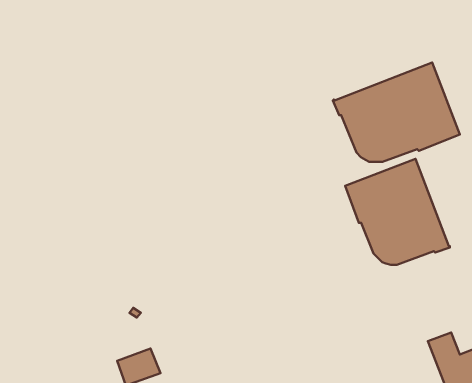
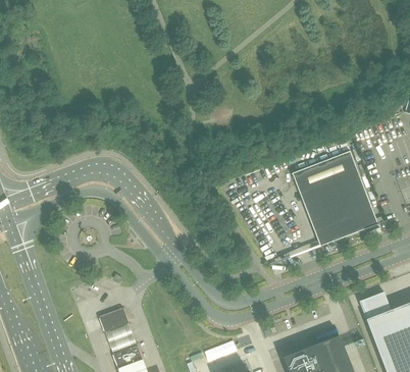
building: [333,62,460,162] -> none

